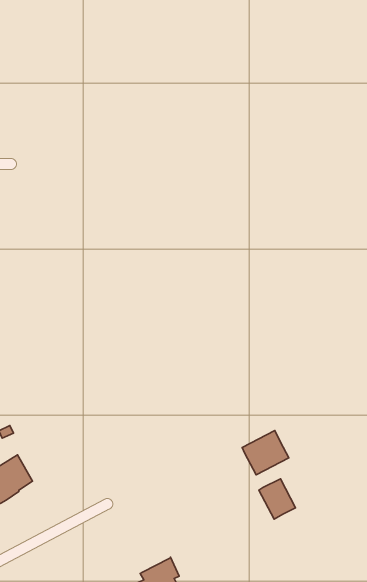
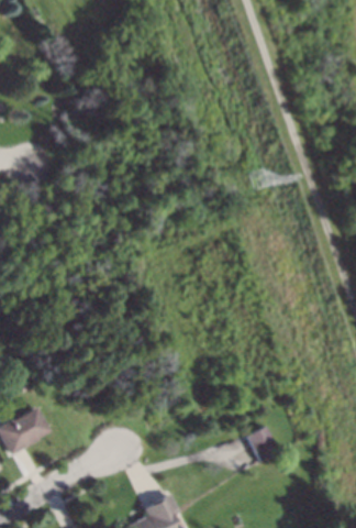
building: [242,430,289,475] -> none

